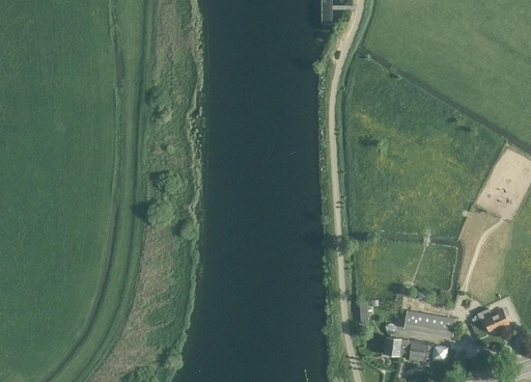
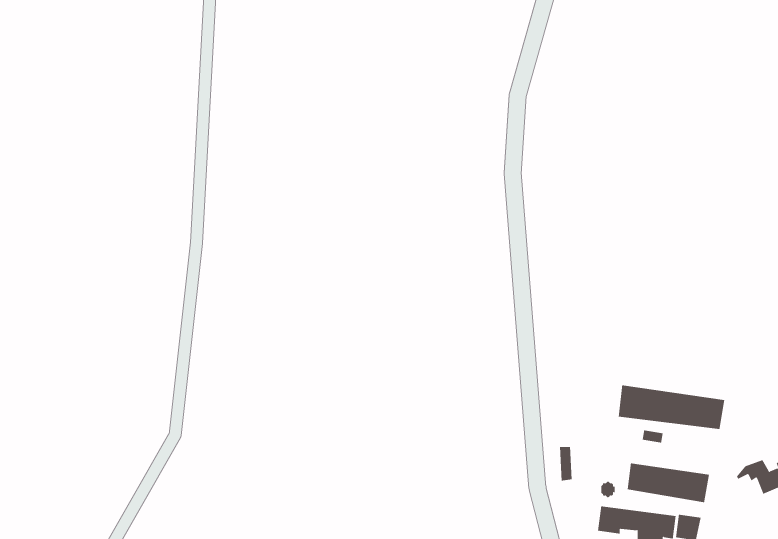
building: none -> [618,384,725,430]

